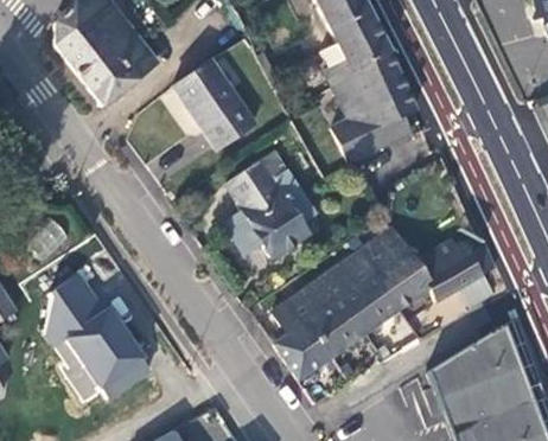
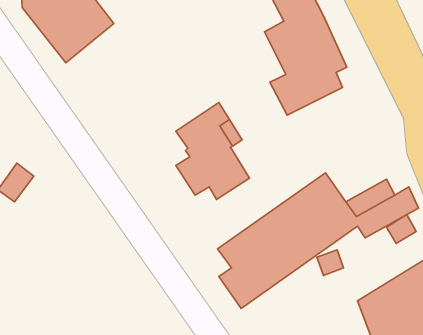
building: [173,60,254,148] -> none
building: [45,273,151,398] -> none

